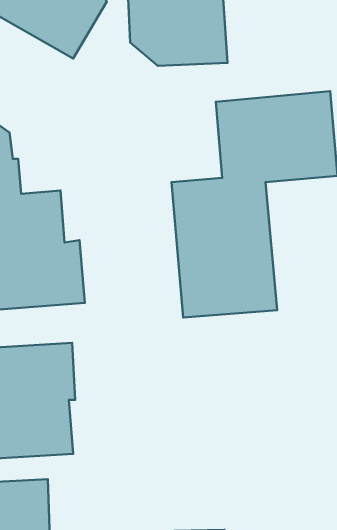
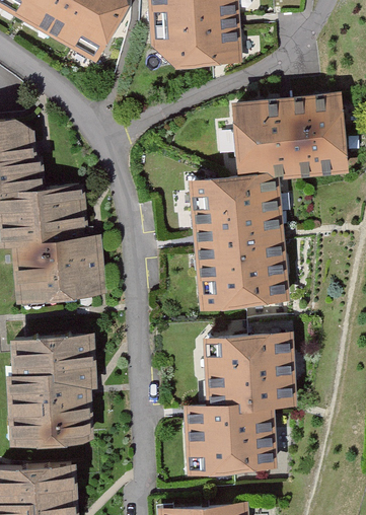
building: none -> [193,338,293,479]

